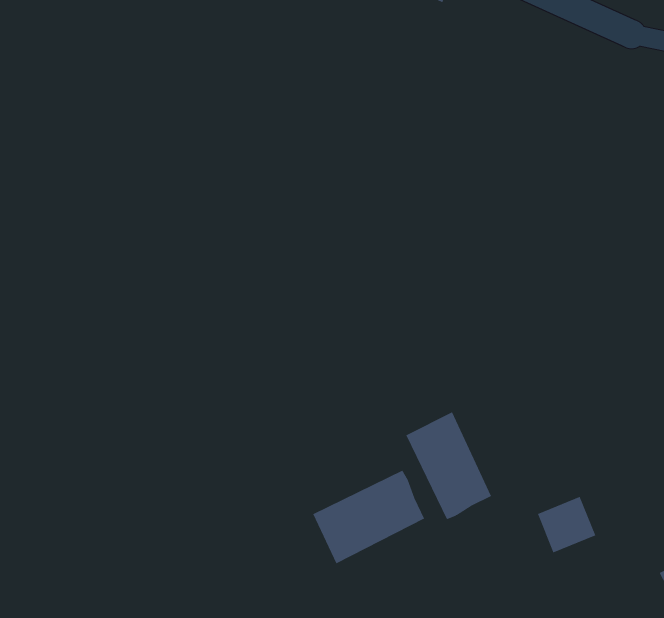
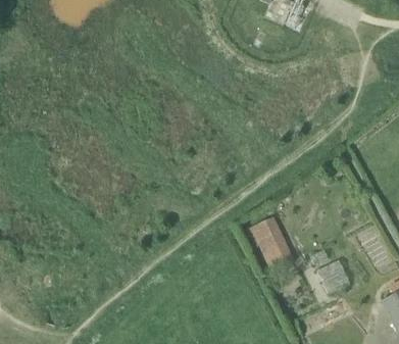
building: [312,470,425,564] -> none

